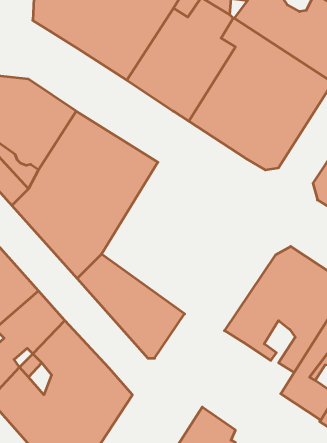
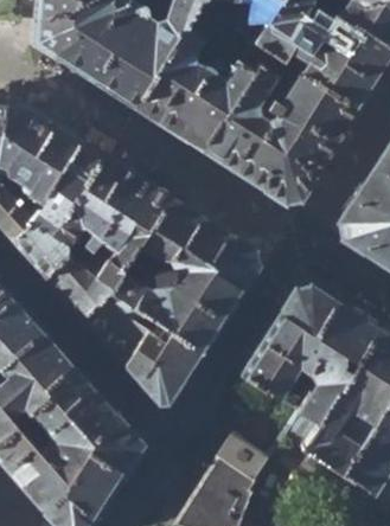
building: none -> [109,195,257,358]
building: none -> [217,437,267,482]

